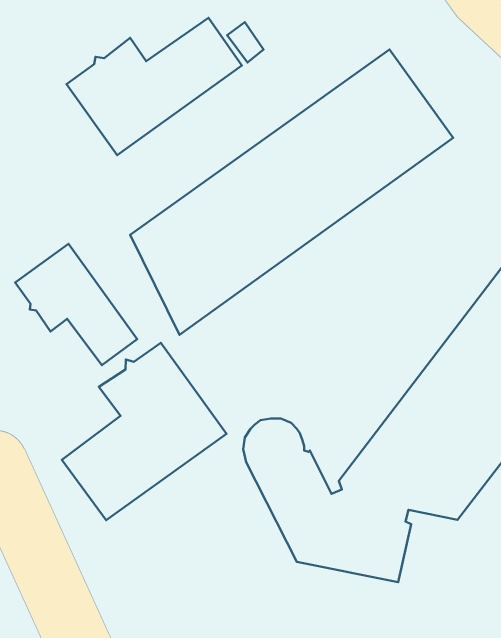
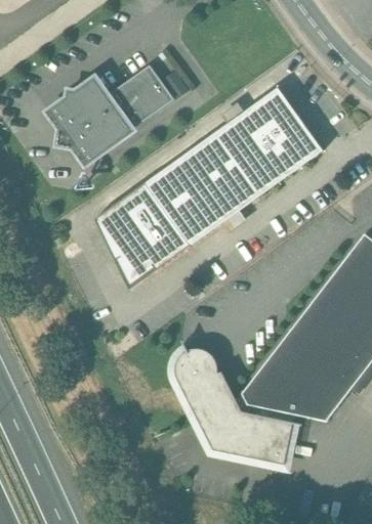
building: [15,244,137,365] -> none
building: [62,343,227,520] -> none

